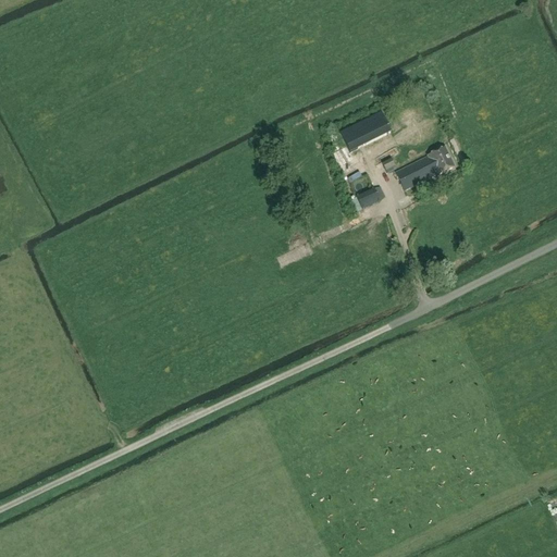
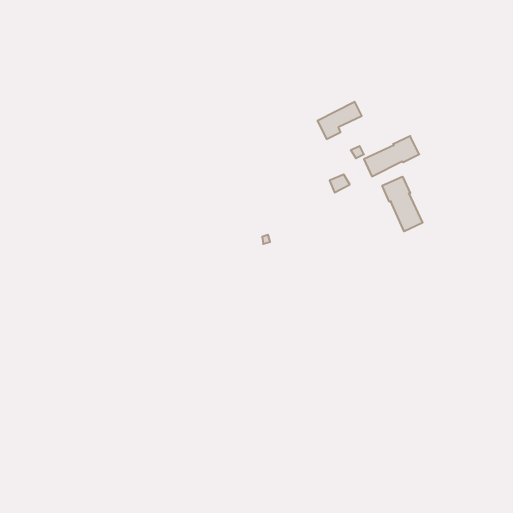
building: none -> [382,177,423,231]

